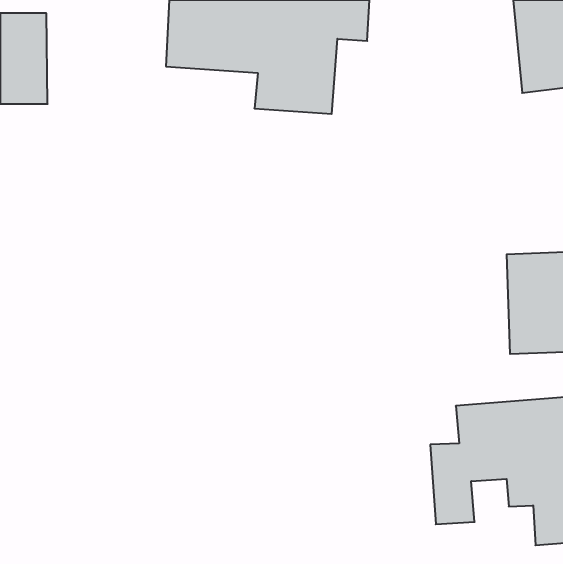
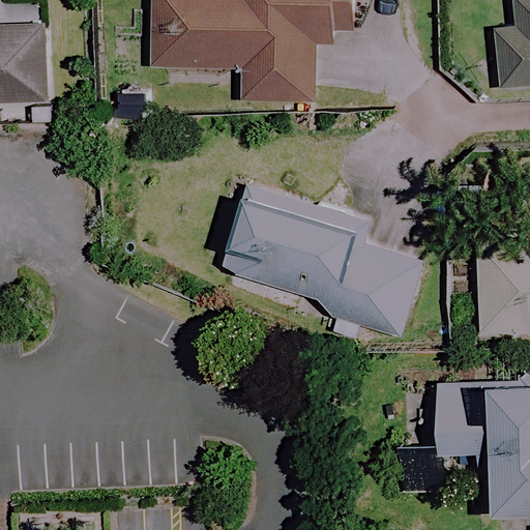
building: none -> [227,187,420,336]

